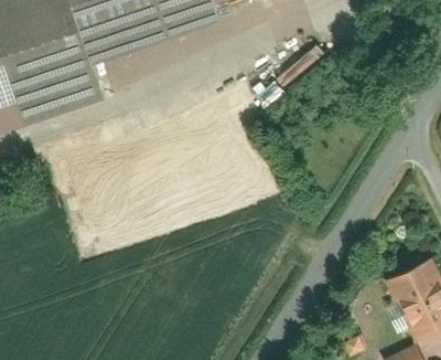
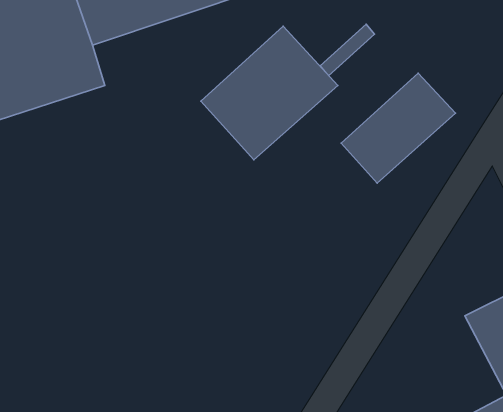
building: none -> [201,26,338,160]
building: none -> [341,73,455,183]

